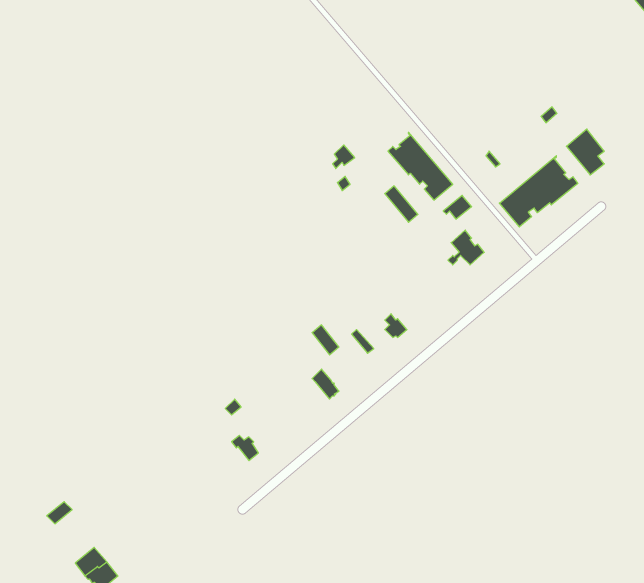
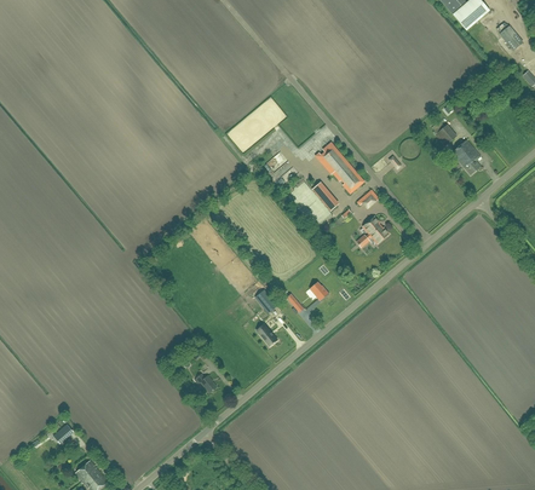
building: [499,156,578,227] -> none

